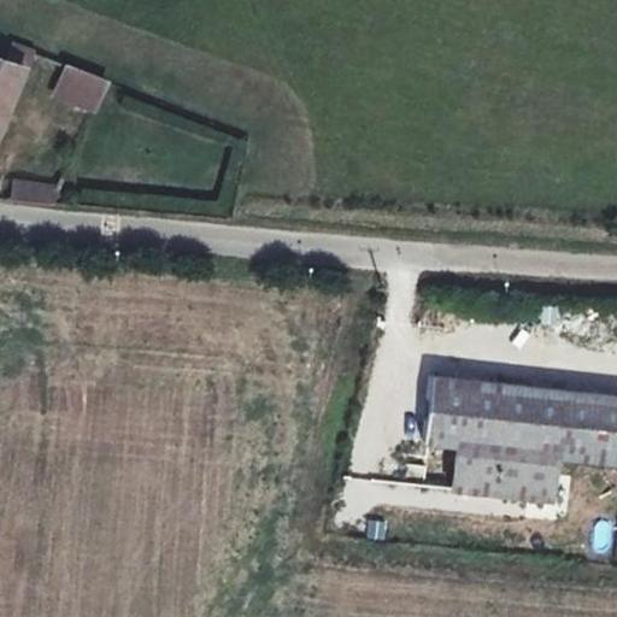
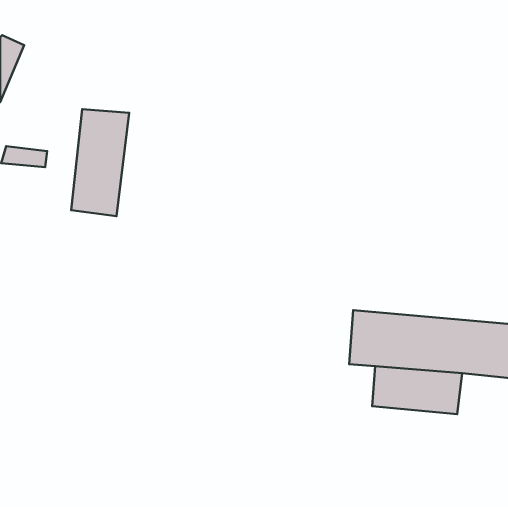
building: [53,72,106,113] -> none
building: none -> [71,109,129,216]

